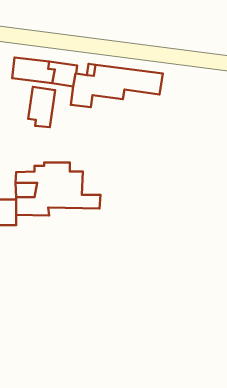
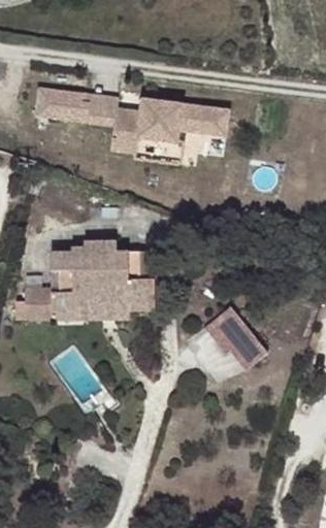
building: [28,87,55,127] -> none
building: none -> [54,284,161,306]
building: none -> [210,309,273,376]

